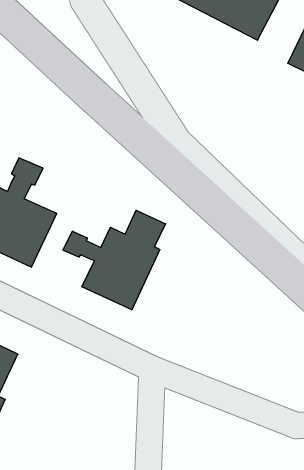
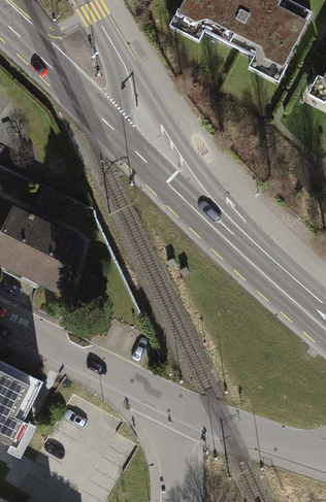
building: [63,210,166,310] -> none

